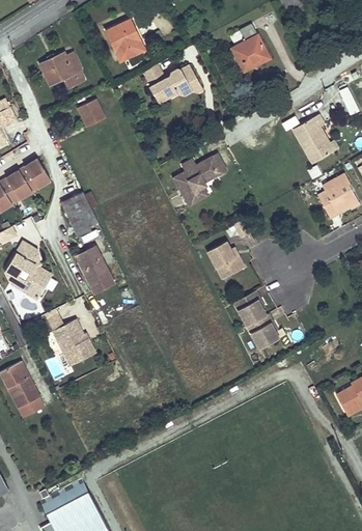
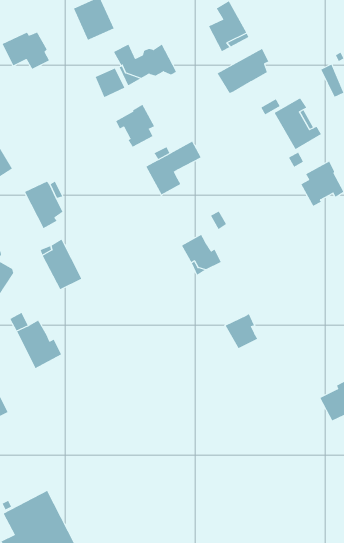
building: none -> [217,48,269,94]
building: [77,100,105,128] -> [95,68,125,98]
building: none -> [116,104,155,148]
building: [234,290,267,327] -> none

